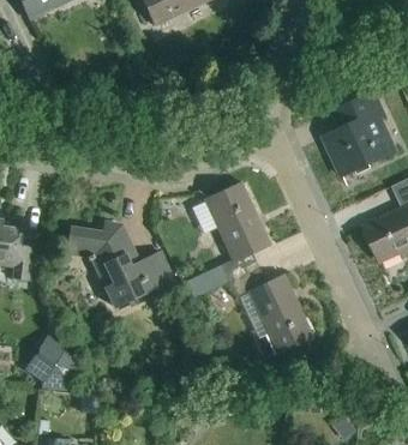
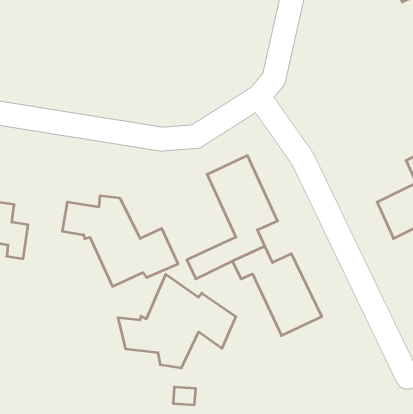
building: [324,91,391,176] -> none
building: none -> [118,274,236,368]
building: [29,339,74,381] -> none

